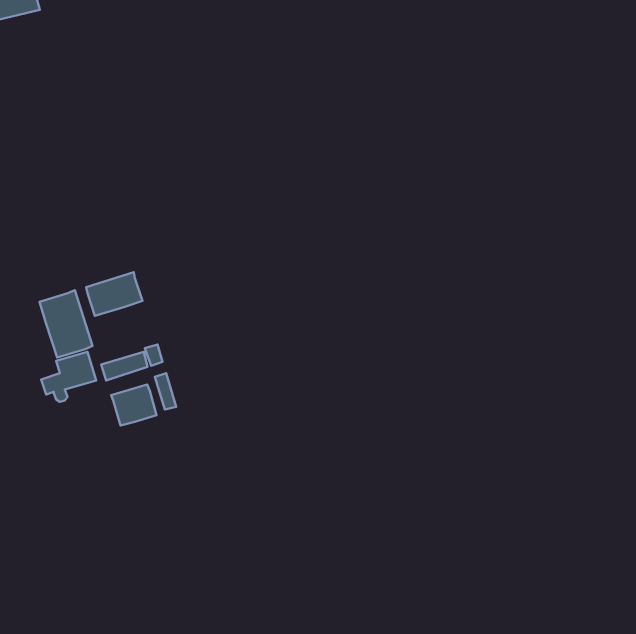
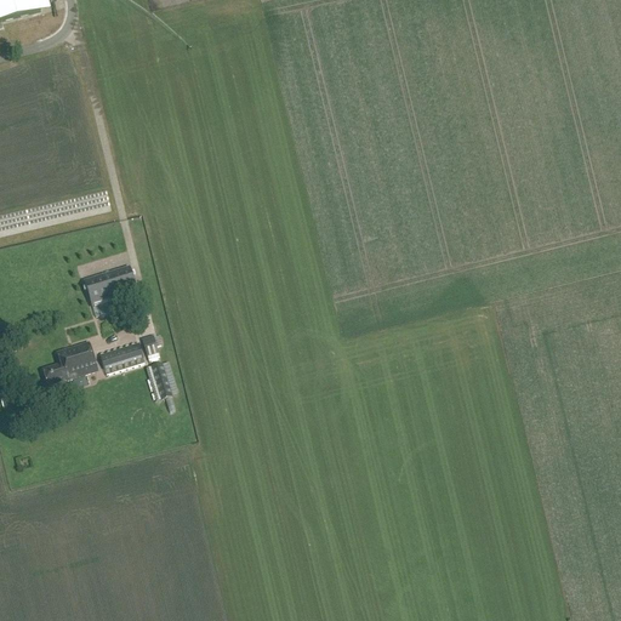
building: [40,290,93,357] -> none
building: [111,385,157,426] -> none

